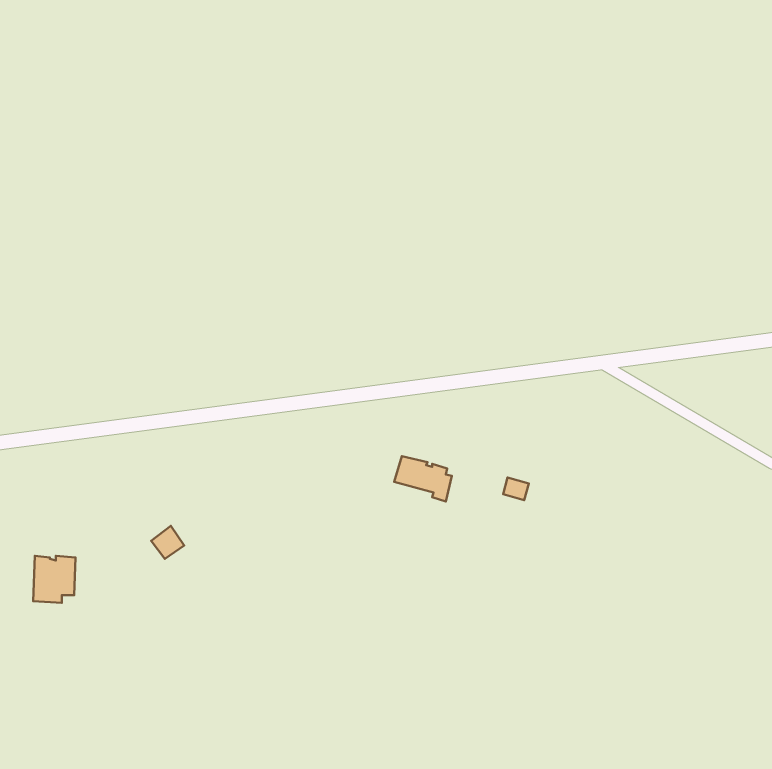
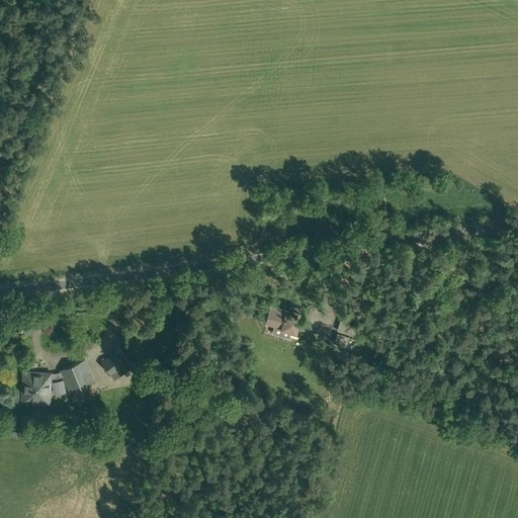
building: none -> [61,362,93,395]

